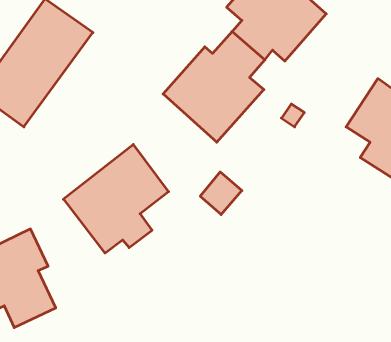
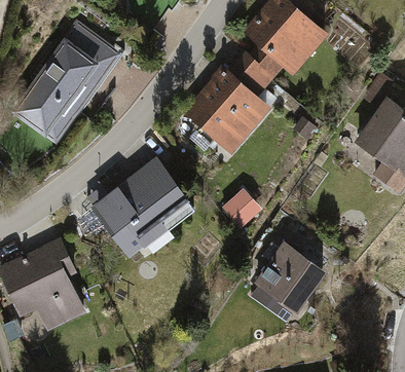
building: none -> [258,245,334,318]

